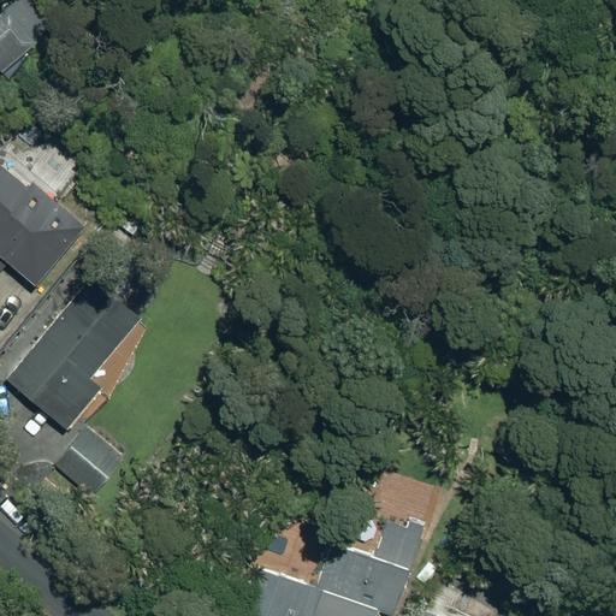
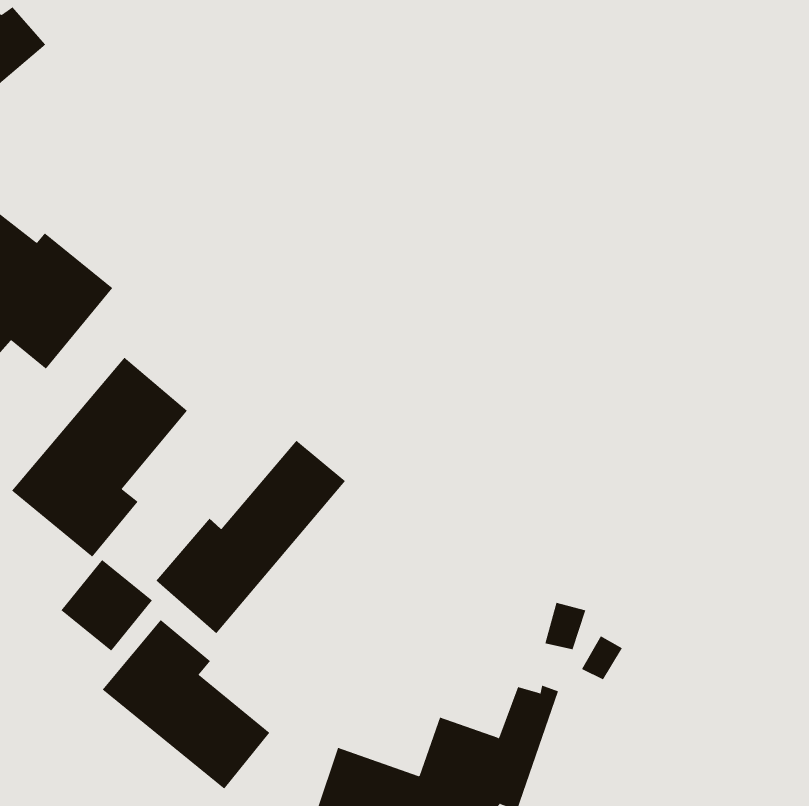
building: none -> [156,440,346,634]
building: none -> [102,619,270,789]

